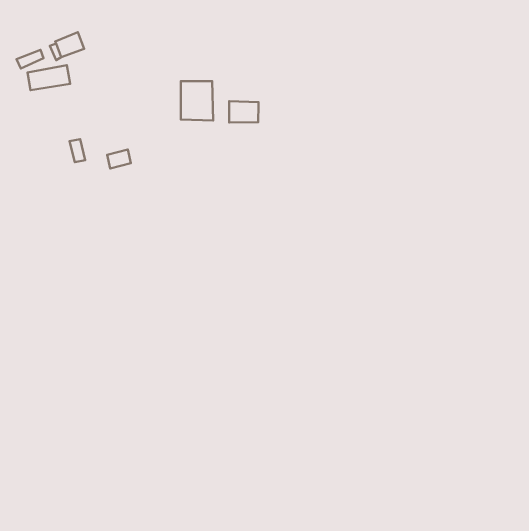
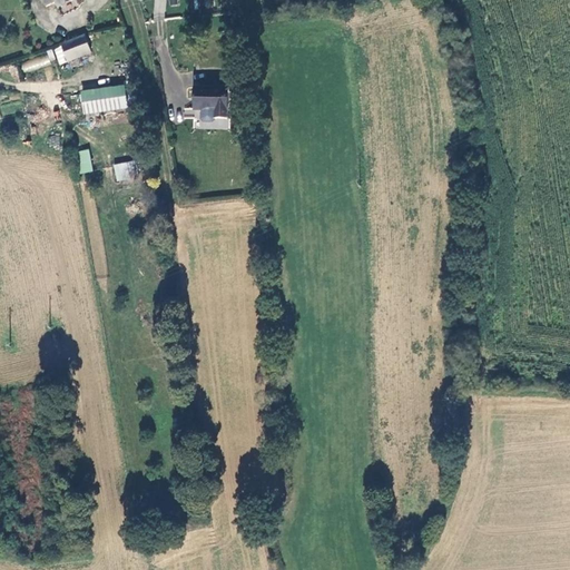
building: [27,65,70,90] -> [81,86,127,112]
building: [229,101,259,122] -> none

